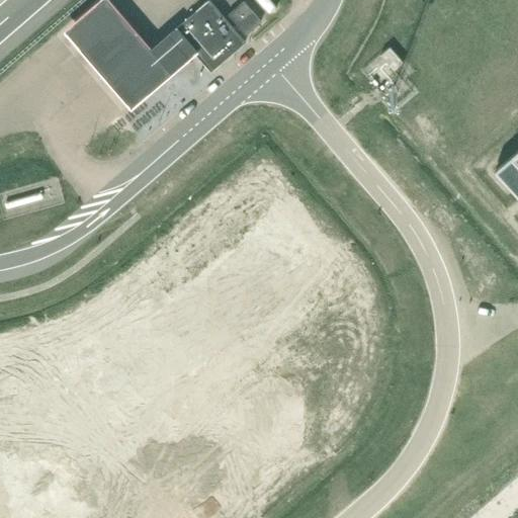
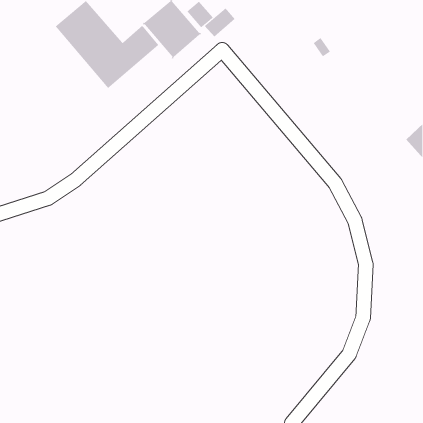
building: none -> [204,8,236,37]

